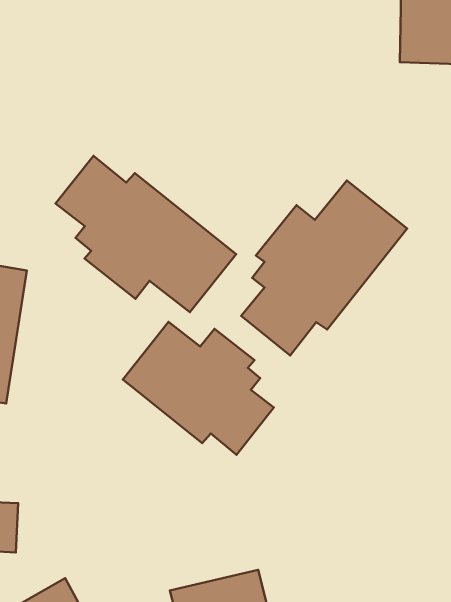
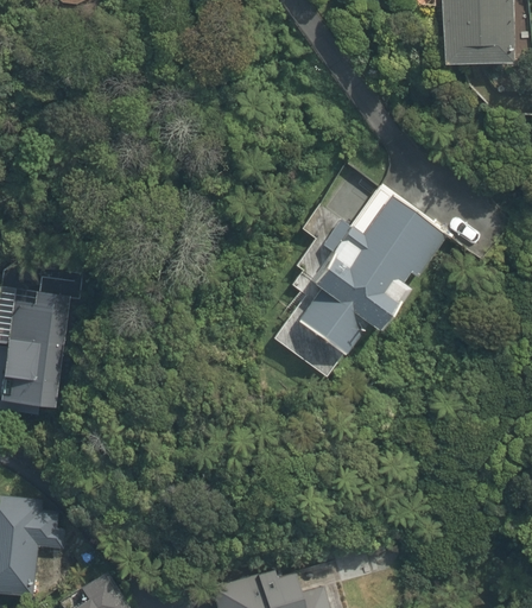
building: [56,156,236,312] -> none
building: [123,322,274,455] -> none

